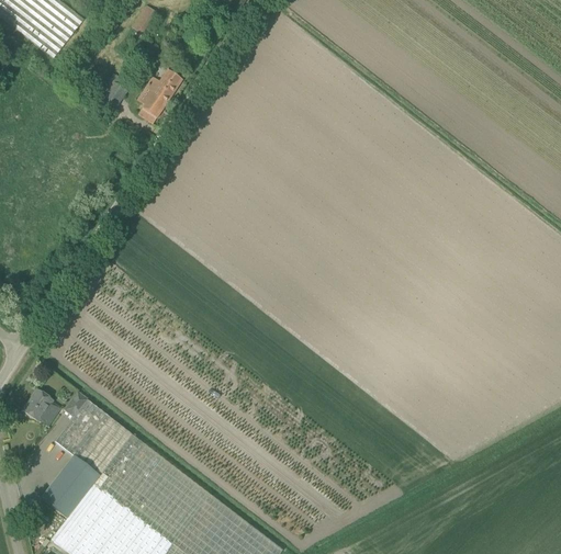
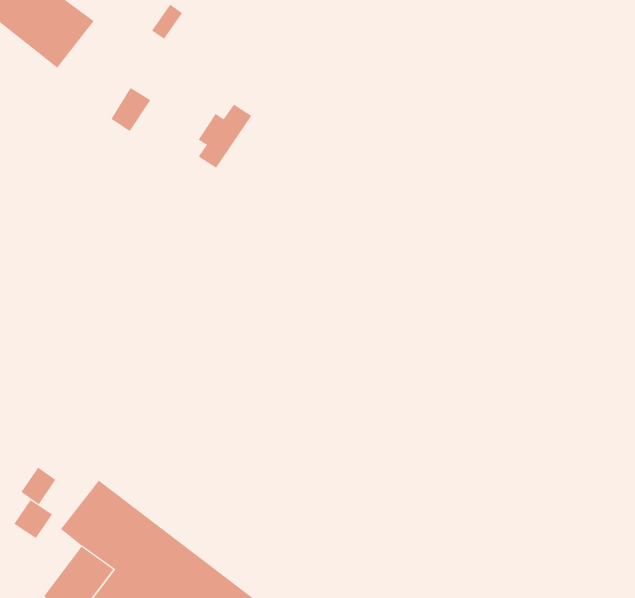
building: [137,70,182,124] -> [198,104,252,168]
building: none -> [13,499,53,539]

